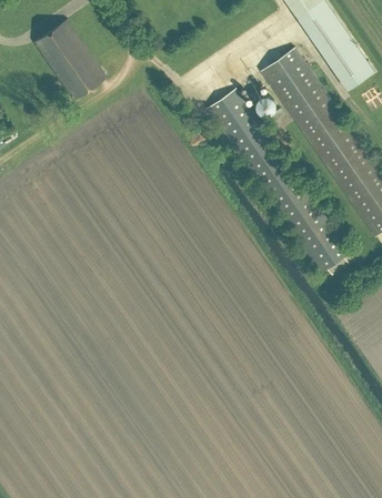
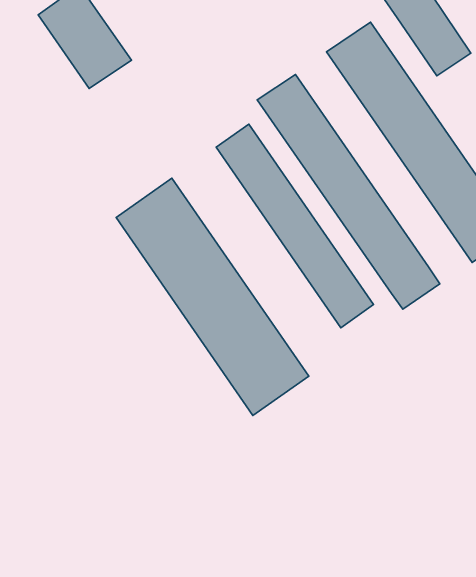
building: none -> [216,124,374,328]
building: none -> [116,178,309,415]

